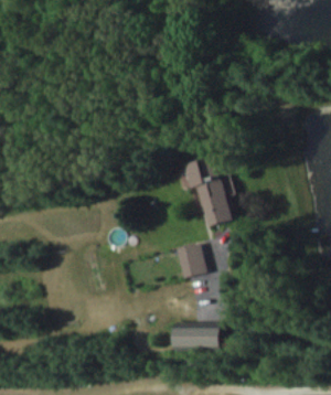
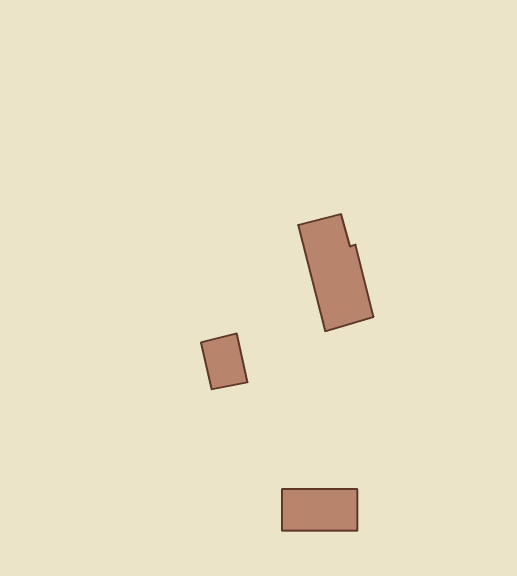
building: [178,243,206,277] -> [201,334,248,389]

